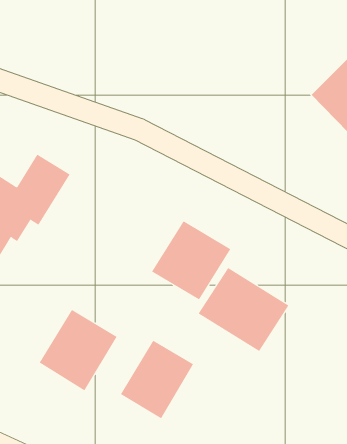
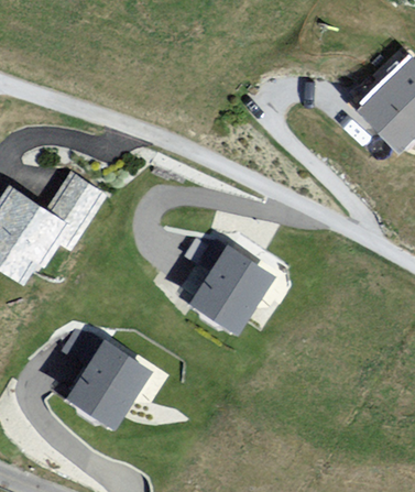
building: [198,267,289,352] -> none
building: [120,340,194,419] -> none

